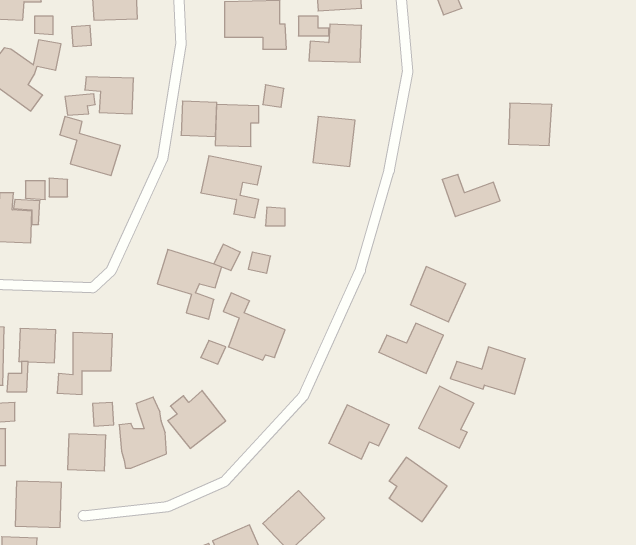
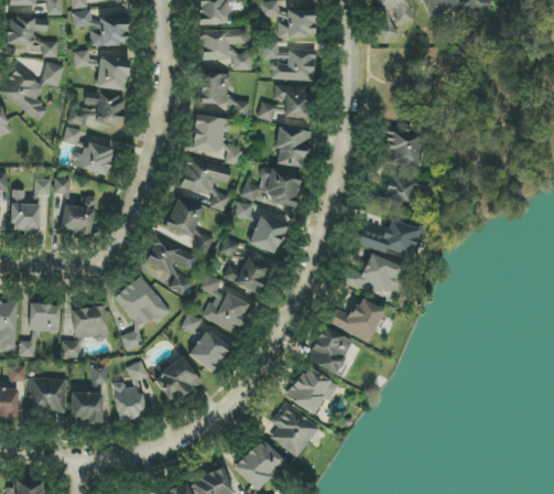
building: none -> [97,57,127,89]
building: none -> [257,84,313,120]
building: [181,101,217,137] -> [199,73,229,103]
building: [508,103,552,145] -> [385,130,422,165]
building: none -> [241,165,301,207]
building: none -> [59,195,96,236]
building: none -> [164,197,203,238]
building: none -> [248,213,287,255]
building: none -> [222,255,271,294]
building: none -> [113,276,170,351]
building: [450,347,525,394] -> [357,217,420,257]
building: none -> [188,330,230,372]
building: [419,386,474,448] -> [306,325,352,377]
building: [389,457,447,522] -> [270,402,318,457]
building: [15,481,61,527] -> [28,377,66,416]

